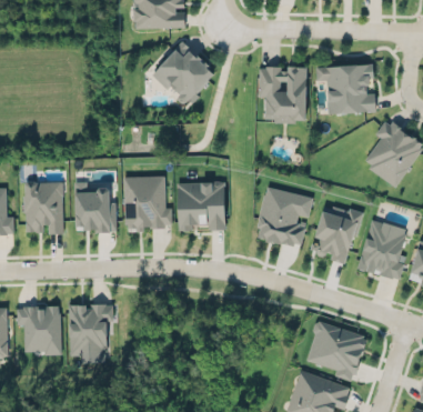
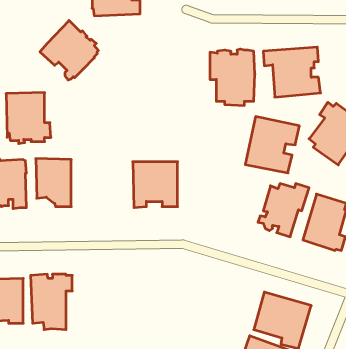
building: [151,41,213,104] -> [40,20,98,80]
building: [123,177,171,231] -> [6,93,51,144]
building: [254,189,312,249] -> [245,117,299,173]

